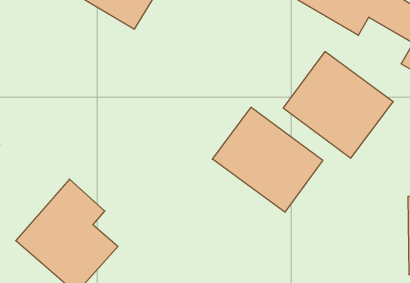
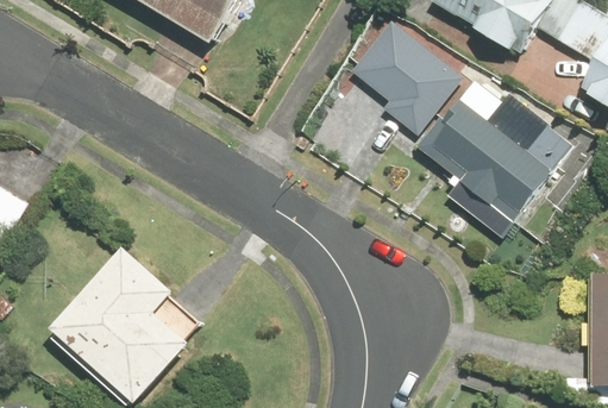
building: none -> [351,13,462,128]
building: [212,107,323,212] -> none

